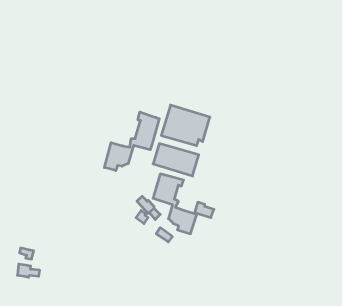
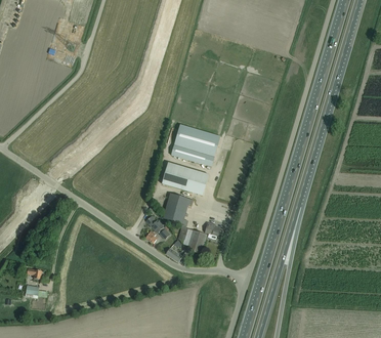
building: [104,112,159,171] -> none

